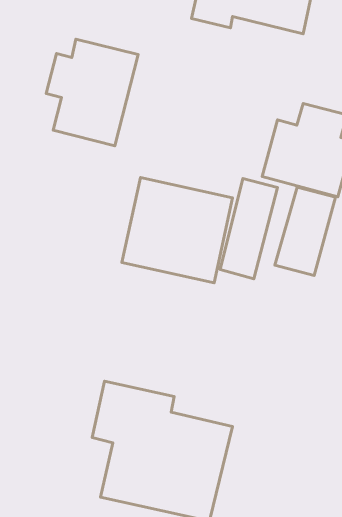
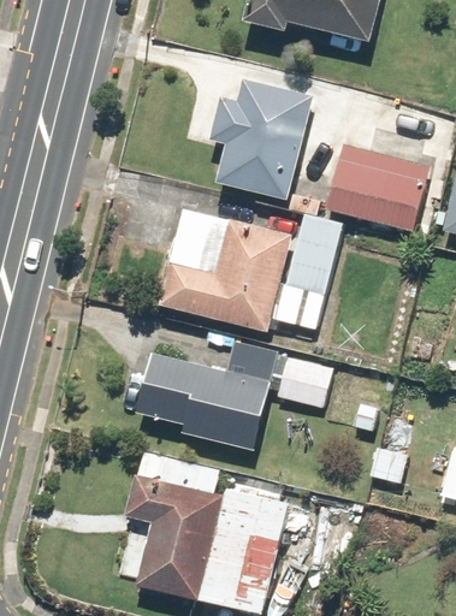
building: [46,39,138,146] -> [207,78,315,203]
building: [275,187,335,276] -> none
building: none -> [137,338,332,452]

